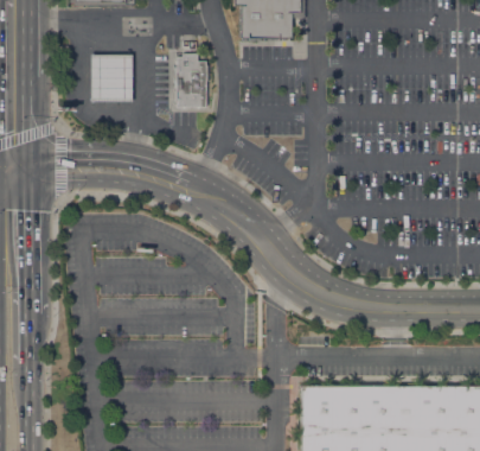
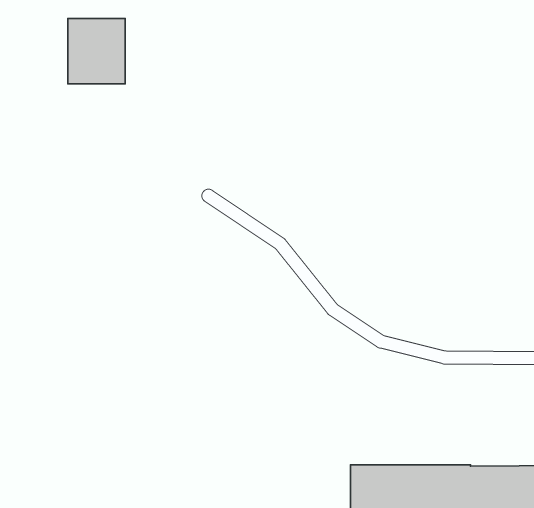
building: [177,55,210,108] -> none

